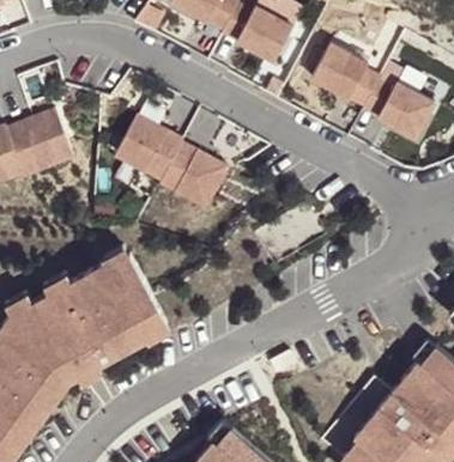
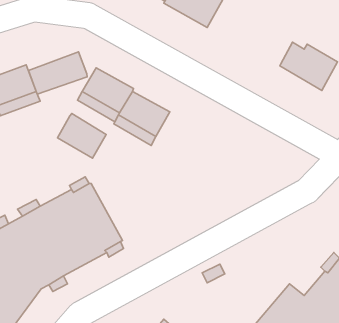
building: [311,44,380,109] -> none
building: none -> [28,52,87,94]
building: none -> [57,113,106,158]

